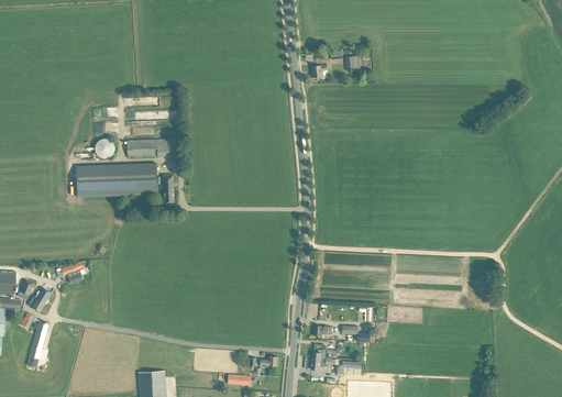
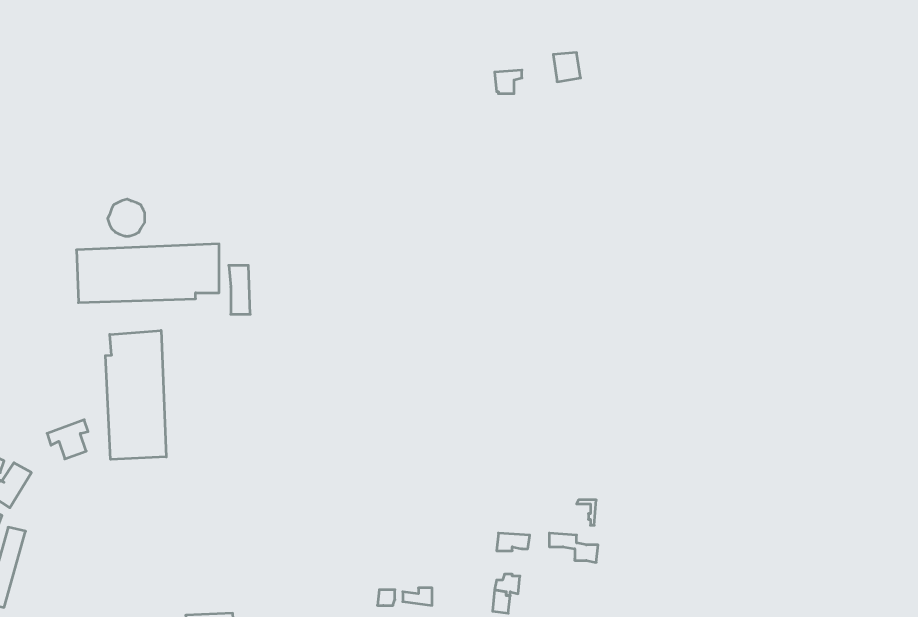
building: [126,140,157,157] -> none
building: none -> [105,330,166,459]

